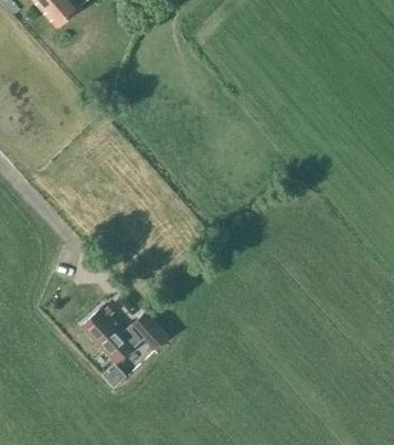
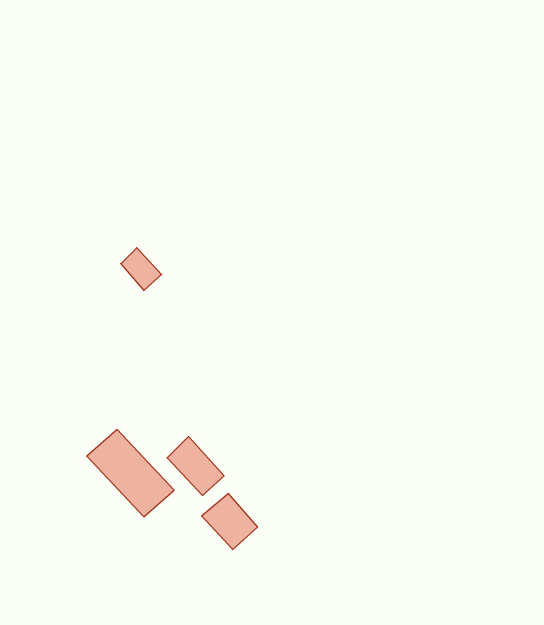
building: none -> [202,493,257,550]

